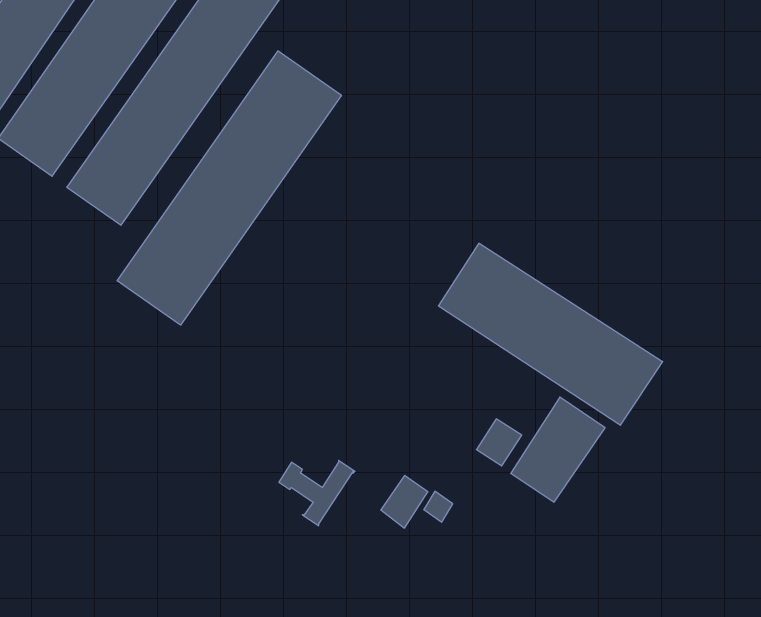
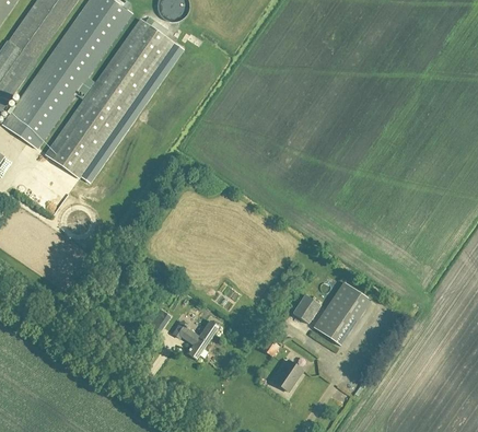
building: [117,51,341,325] -> none
building: [438,243,663,425] -> none
building: [381,476,428,528] -> [273,360,302,392]

